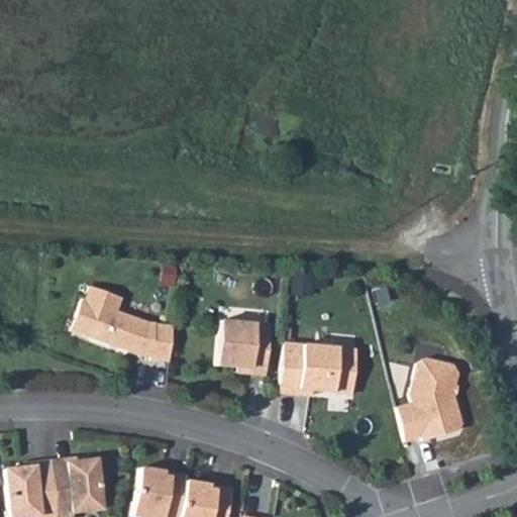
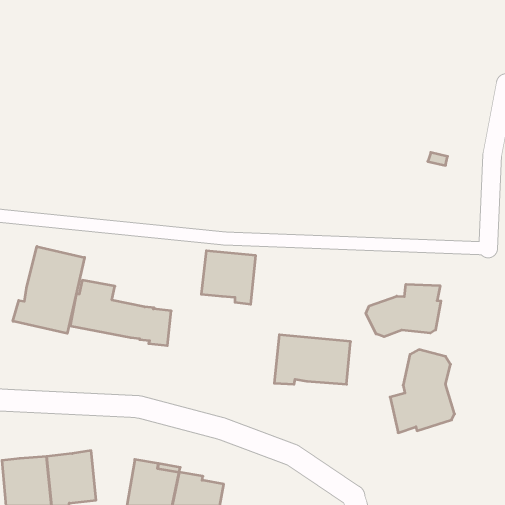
building: none -> [13,246,85,333]
building: none -> [366,284,441,337]
building: [217,316,273,371] -> [201,251,256,304]

